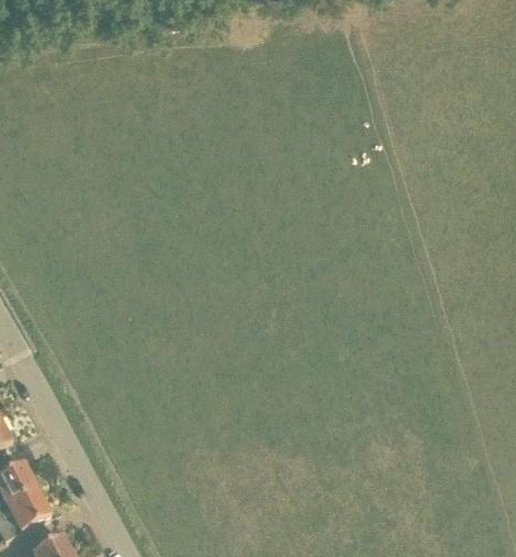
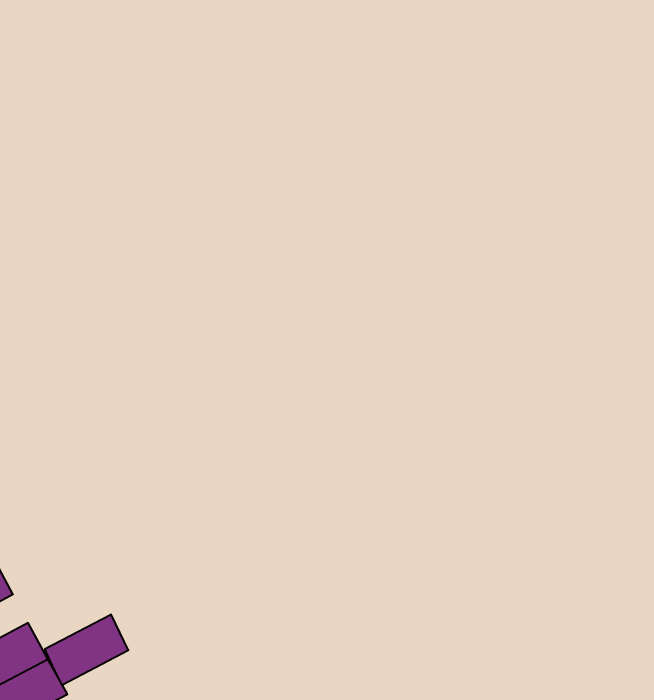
building: none -> [45,614,128,685]

